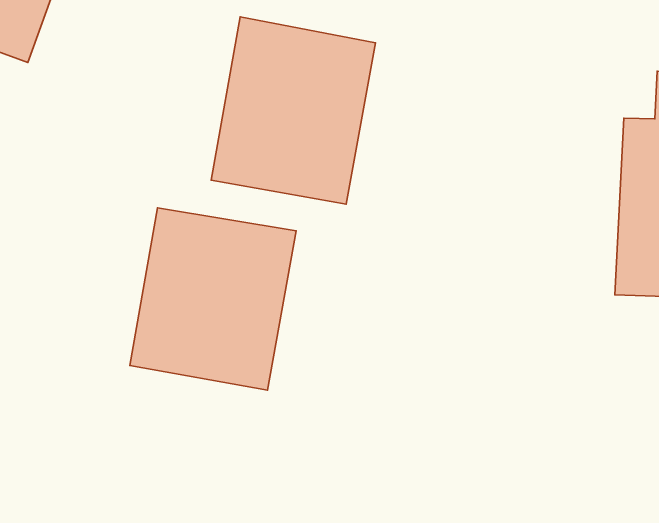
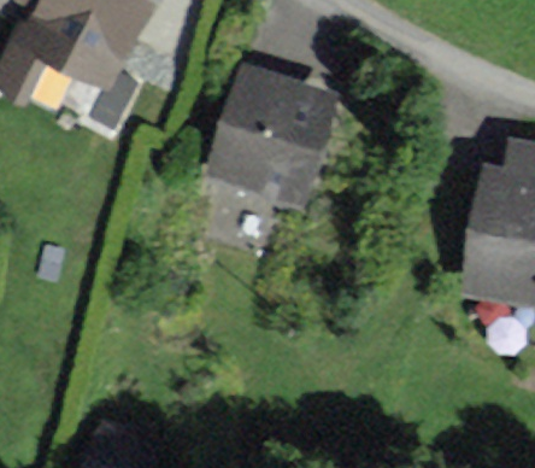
building: [130,208,296,390] -> none

